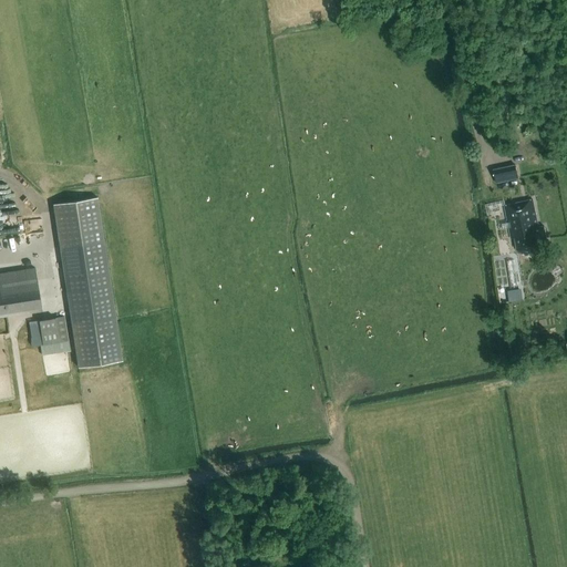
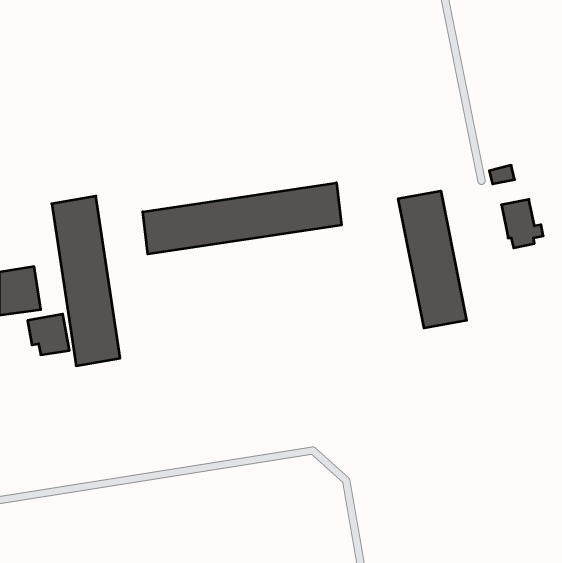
building: none -> [143,183,341,254]
building: none -> [398,191,467,328]

